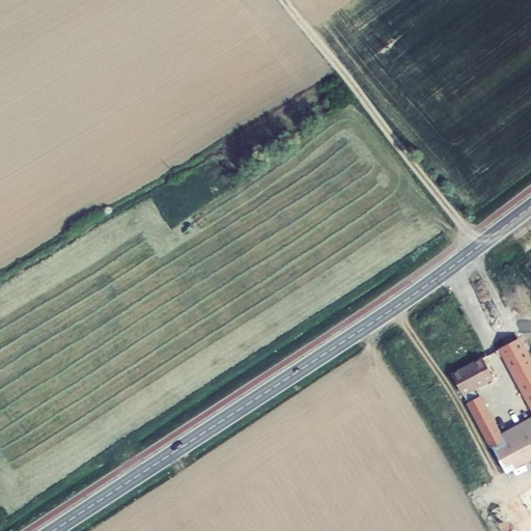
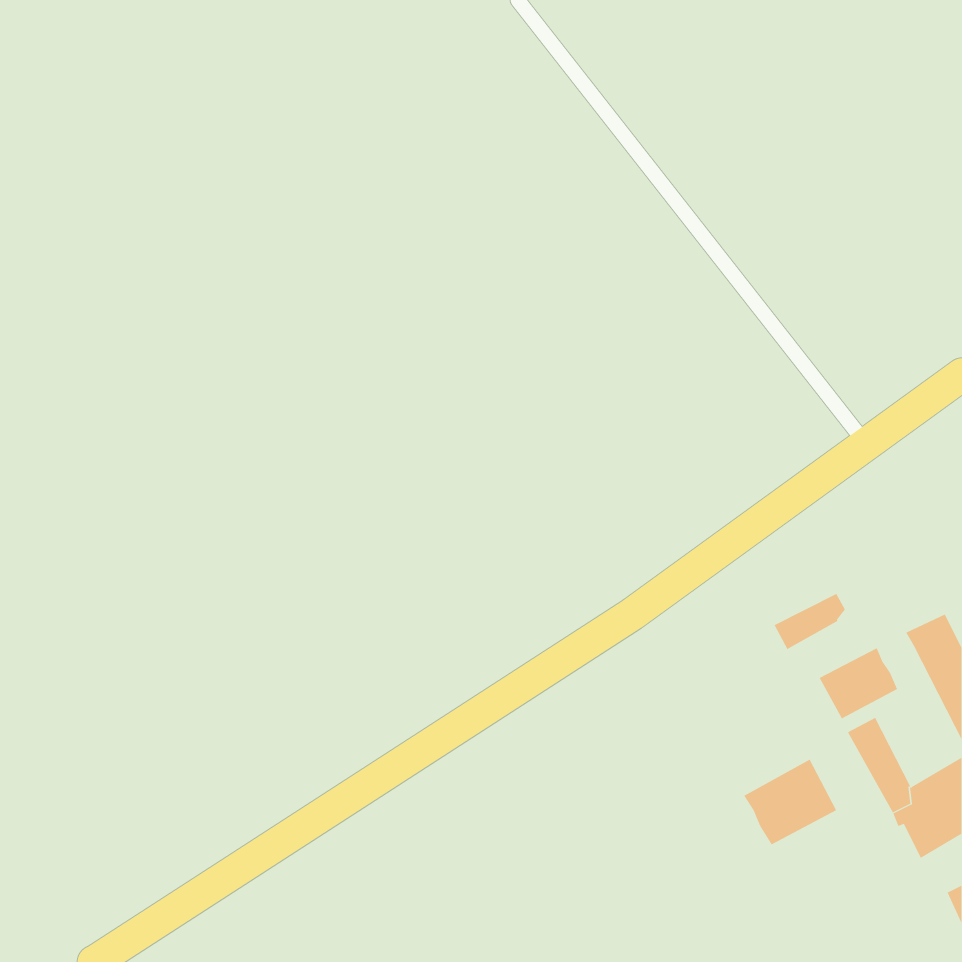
building: none -> [774,593,846,650]
building: none -> [743,759,837,845]

